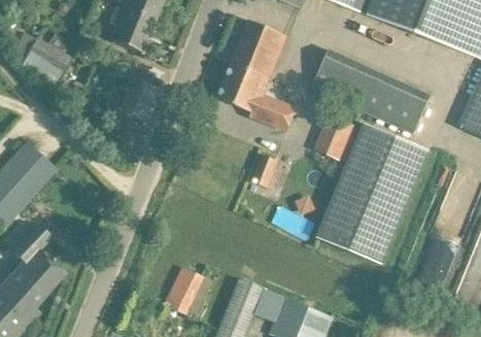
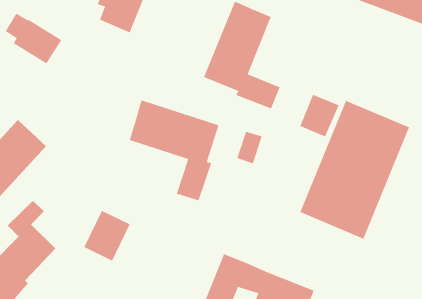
building: [313,50,433,134] -> none
building: none -> [129,100,219,201]
building: [164,266,212,318] -> [83,210,131,261]

